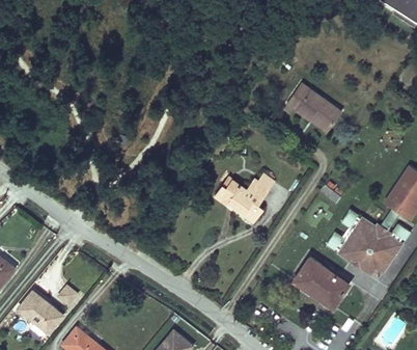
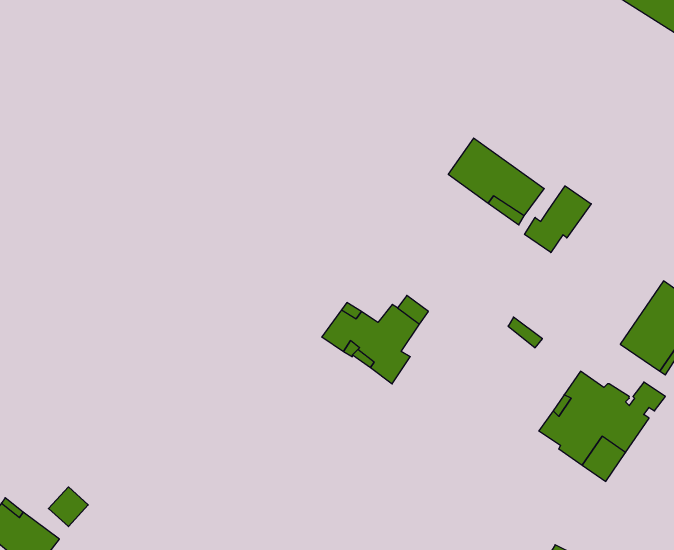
building: none -> [525,186,591,253]
building: [295,257,349,305] -> none

